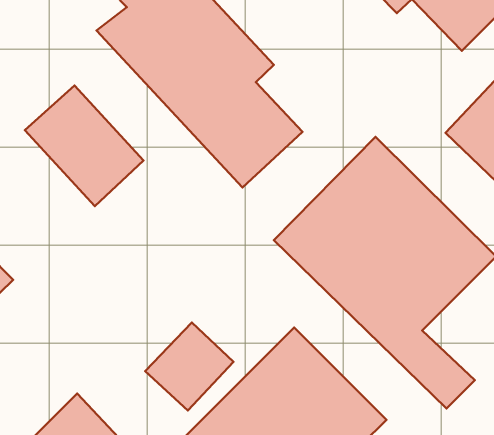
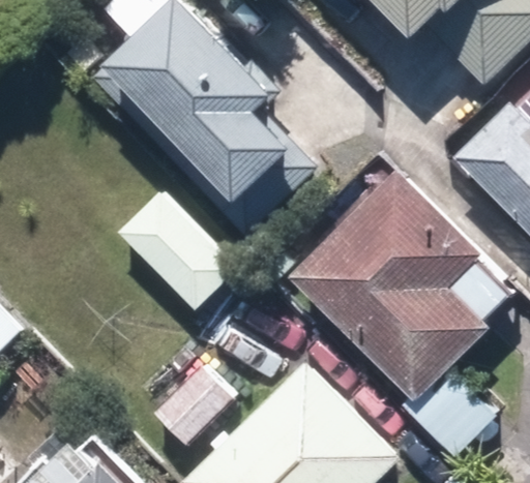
building: [25,86,143,206] -> [115,189,236,312]

